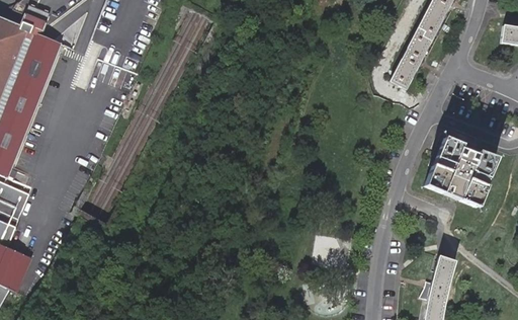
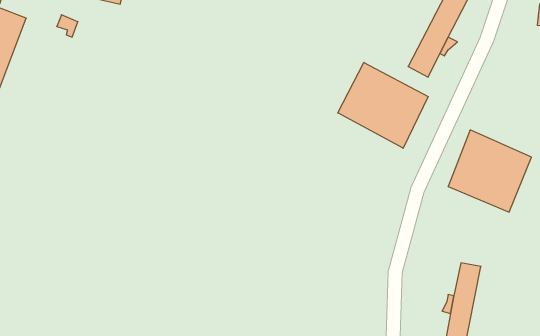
building: none -> [338,62,428,148]

